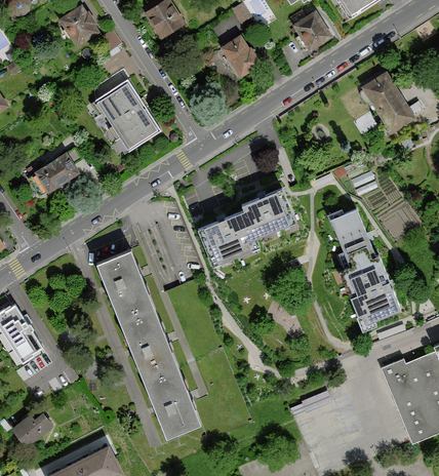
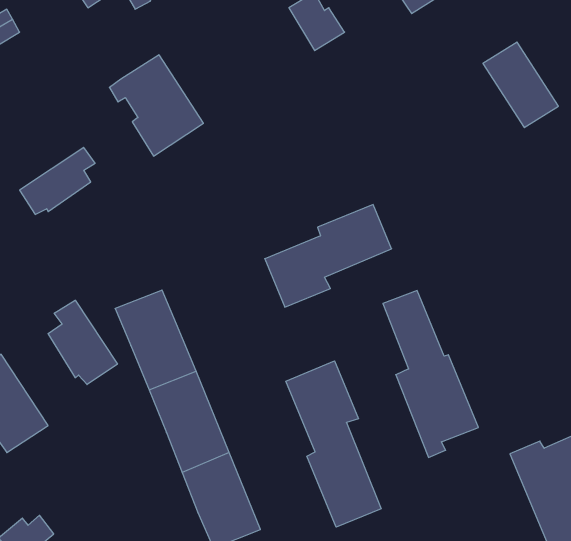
building: [330,209,399,329] -> [383,291,478,457]
building: none -> [48,300,117,385]
building: none -> [286,361,381,527]

